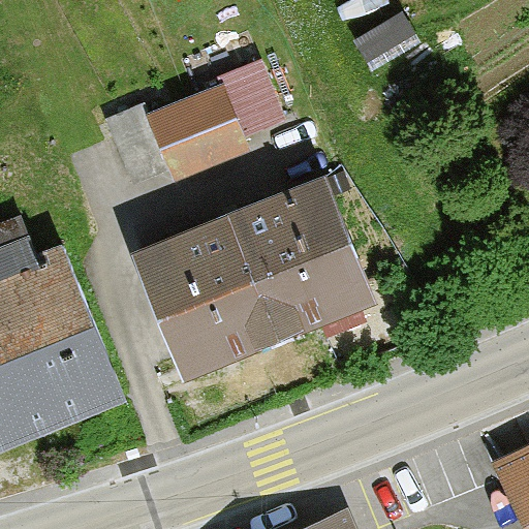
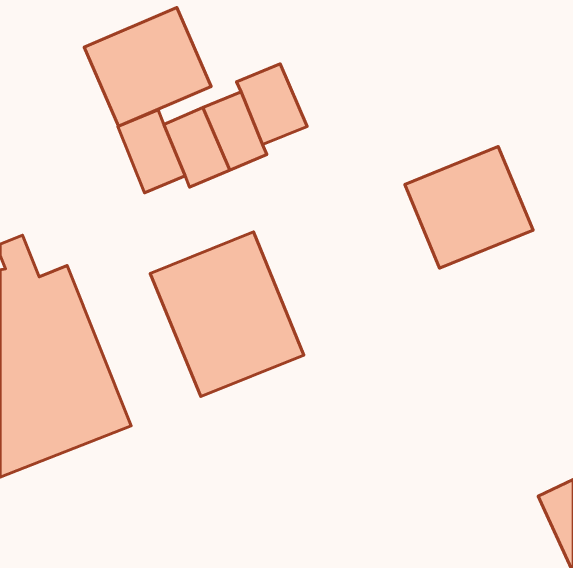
building: none -> [84,7,211,126]
building: none -> [405,146,533,268]
building: [234,181,371,332] -> none

